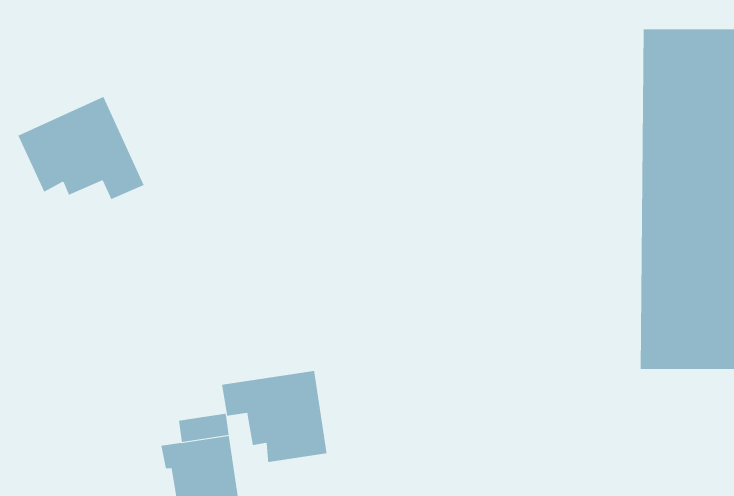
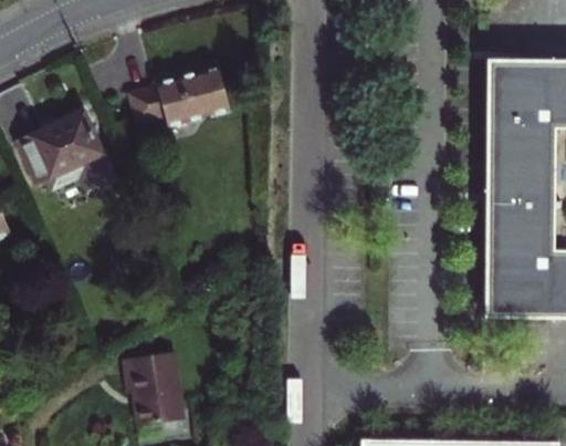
building: none -> [128,69,229,122]
building: [221,370,327,463] -> none

